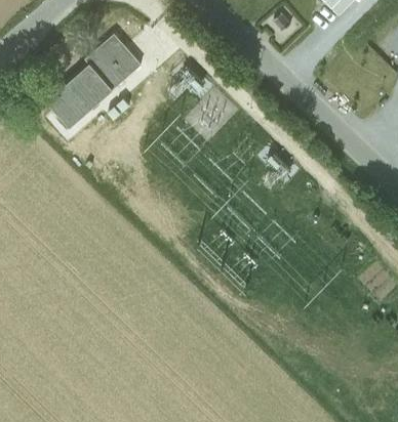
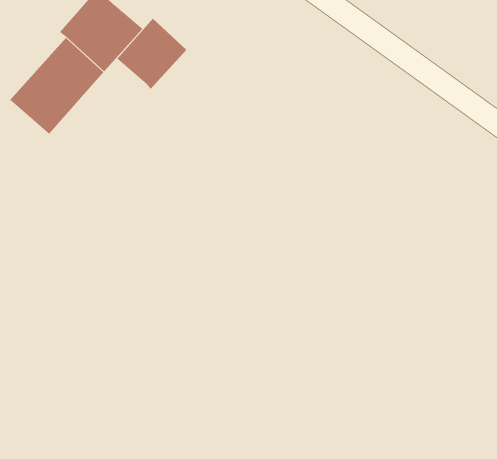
building: none -> [116,18,187,90]

